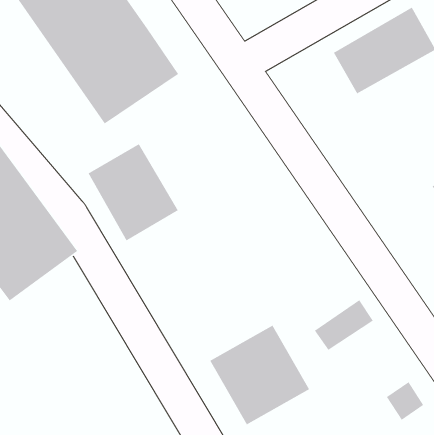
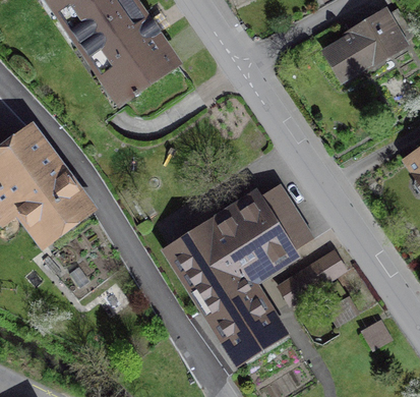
building: [88,143,179,241] -> none
building: none -> [171,183,314,306]

